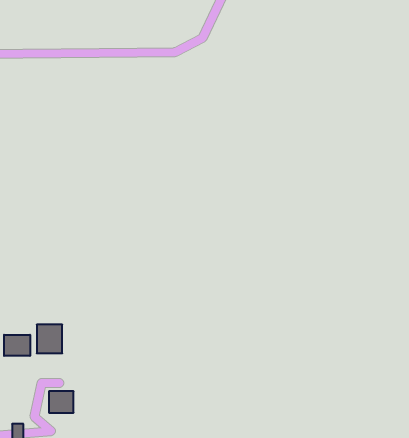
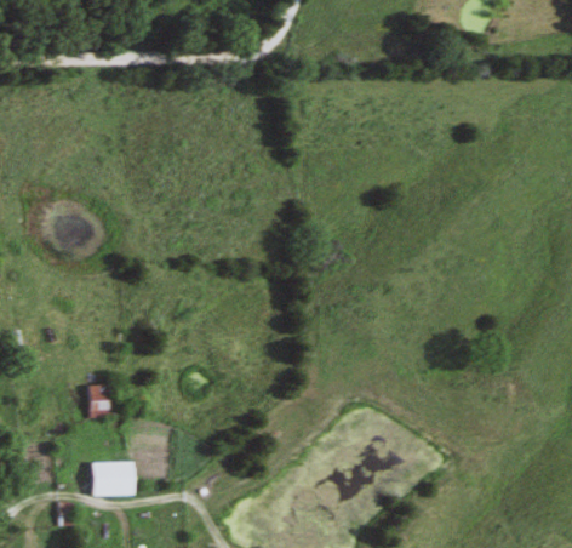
building: [4,335,30,356] -> none

